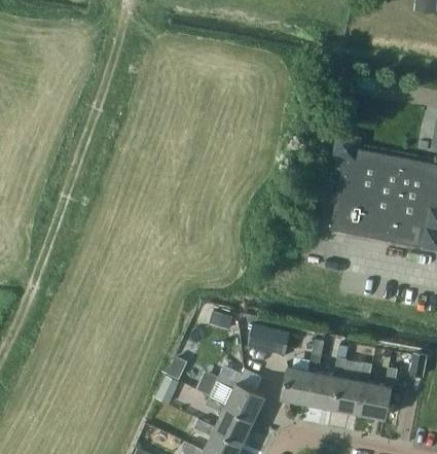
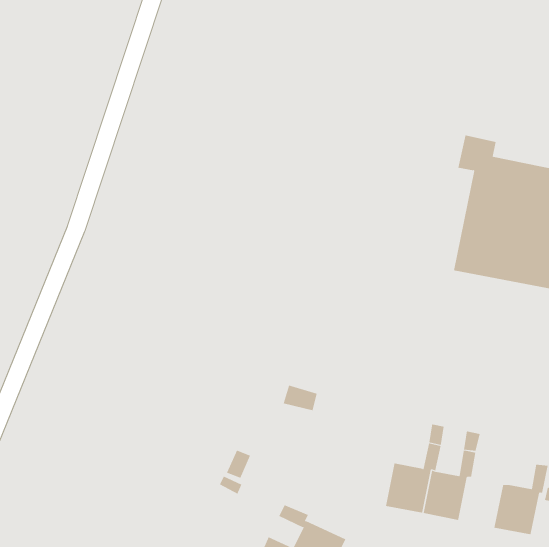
building: [248,324,288,353] -> none
building: [333,363,371,414] -> none
building: [209,374,264,422] -> none

